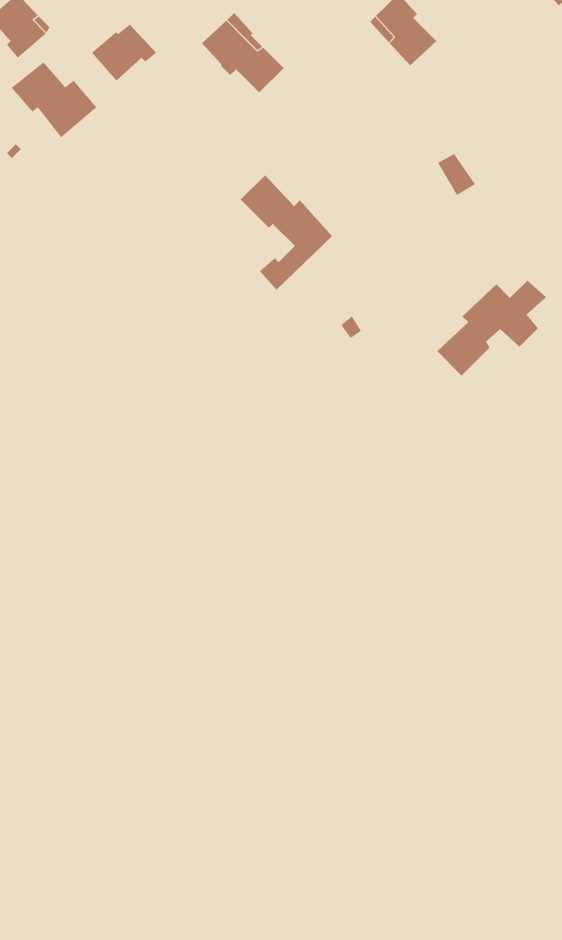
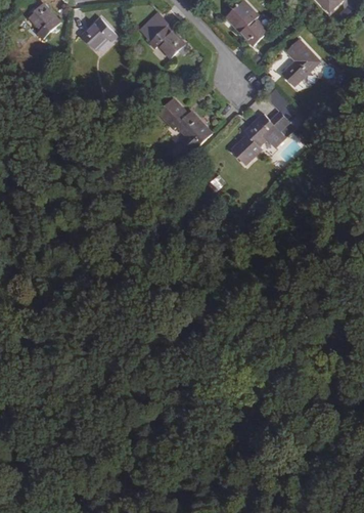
building: none -> [282,39,320,85]
building: [11,61,97,138] -> none
building: [437,280,547,376] -> [232,112,290,163]

